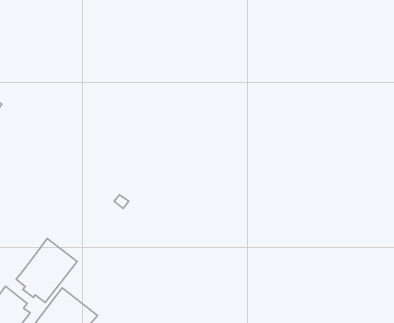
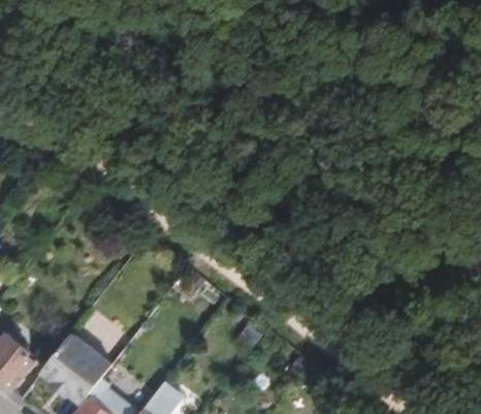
building: [16,239,77,303] -> none

